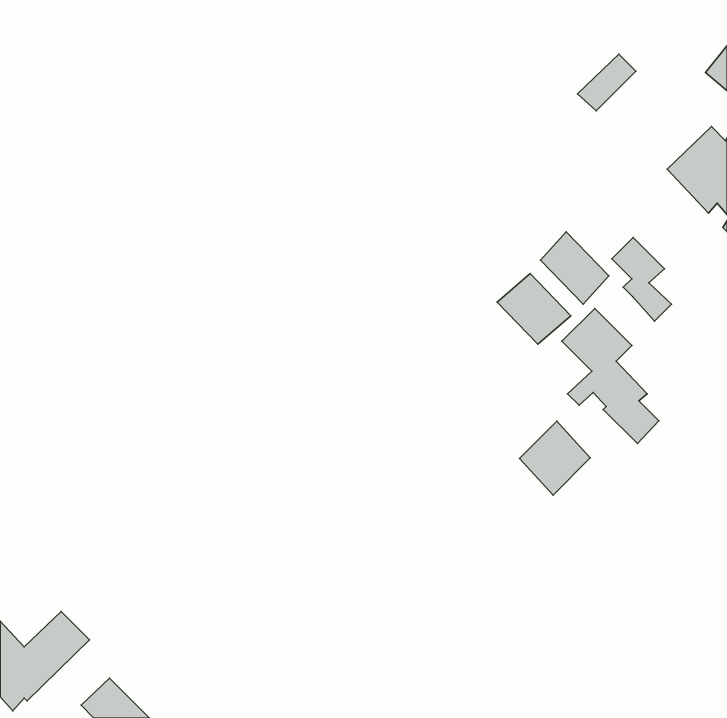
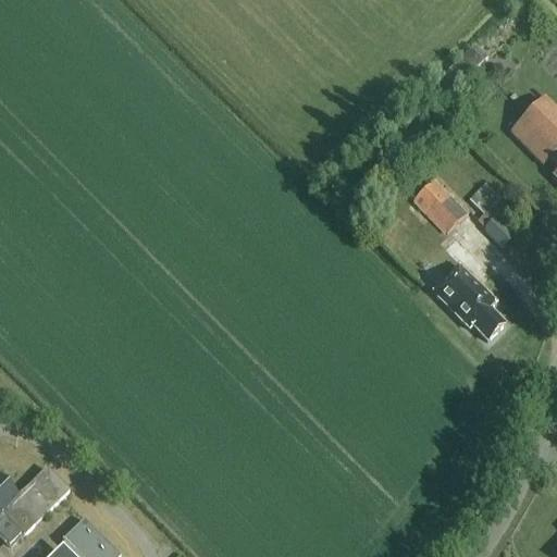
building: [497,274,571,344] -> none
building: [520,421,590,495] -> none

